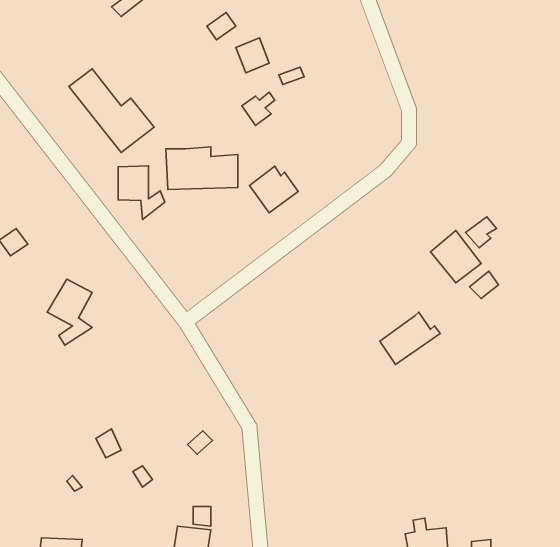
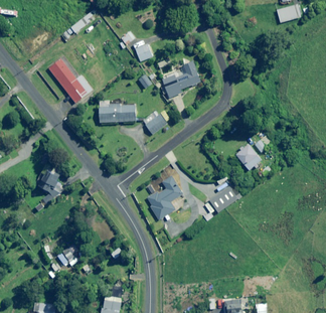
building: none -> [159,60,201,97]
building: [118,166,165,219] -> none
building: none -> [147,176,182,219]

